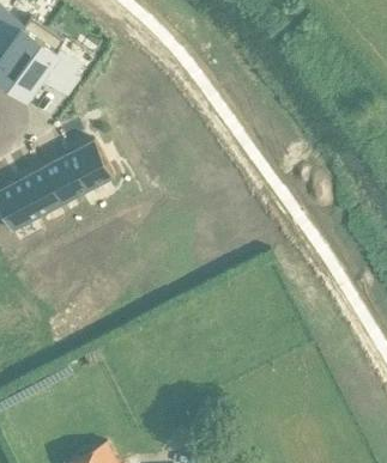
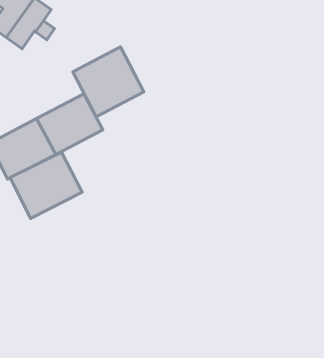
building: none -> [73,47,144,117]
building: none -> [10,152,82,219]

